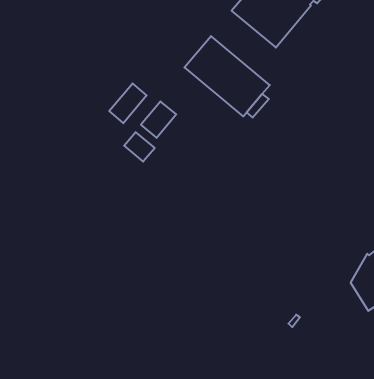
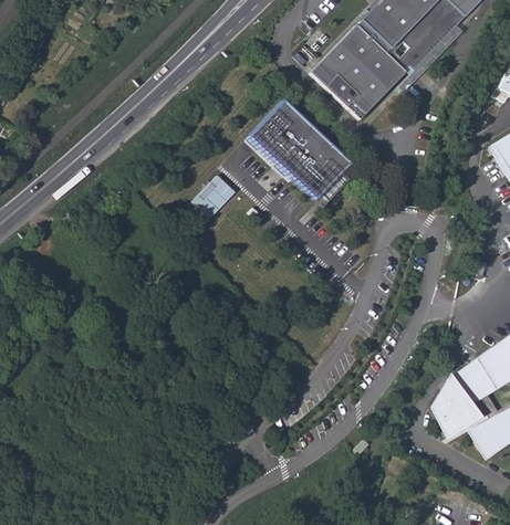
building: [109,83,147,123] -> none
building: [124,132,155,162] -> none

